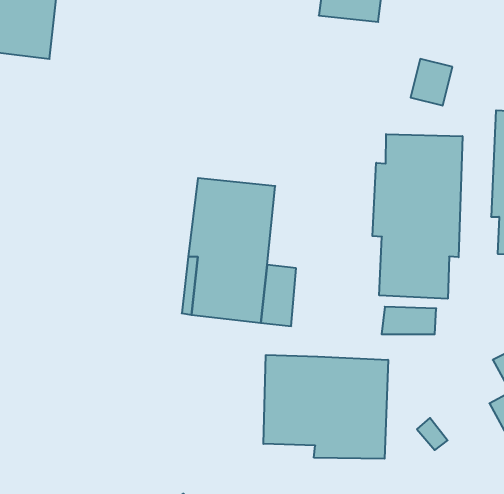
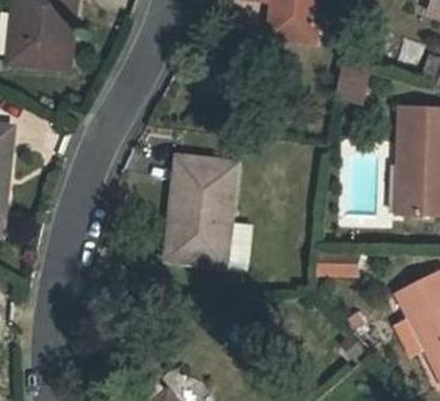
building: [372,134,462,299] -> none
building: [263,355,388,459] -> none

